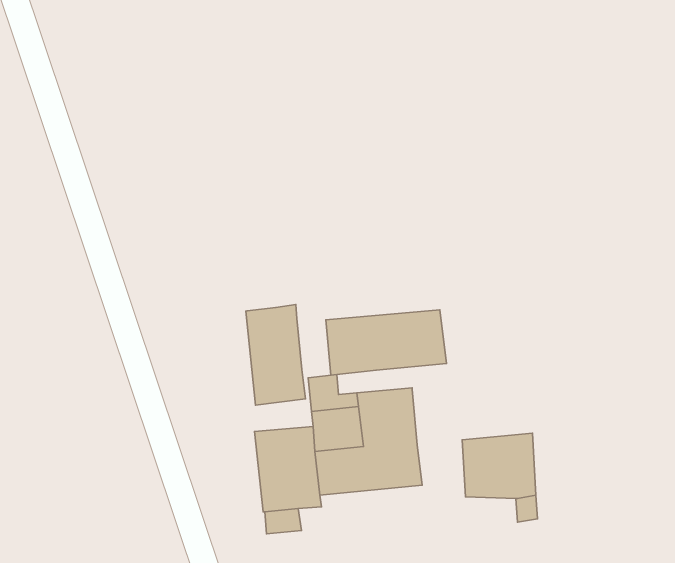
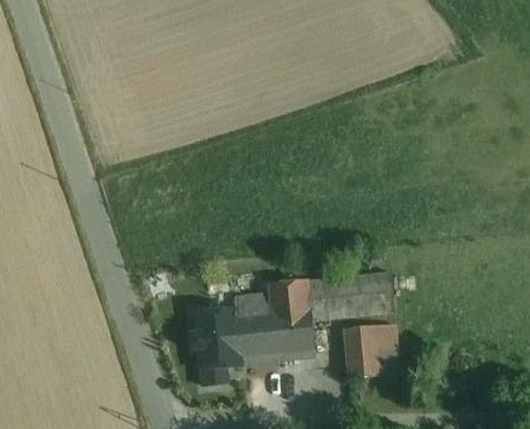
building: [246,305,306,405] -> none
building: [326,310,446,375] -> [306,276,393,323]

